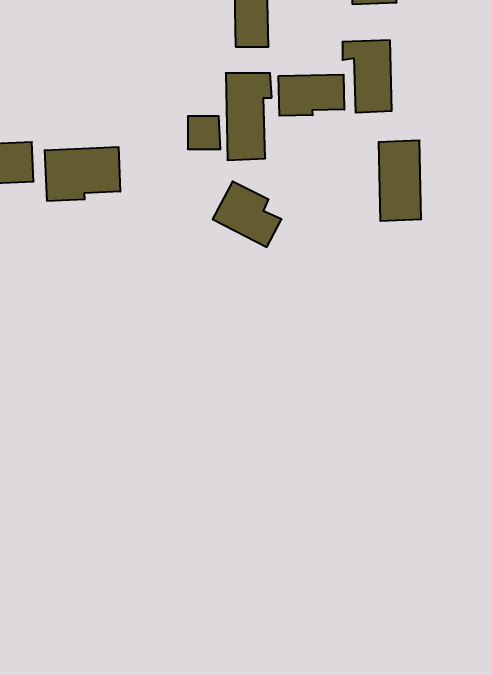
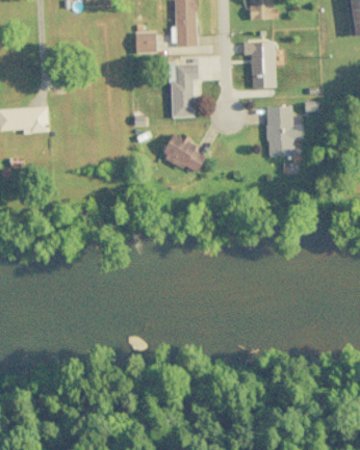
building: [279,75,344,116] -> none
building: [188,116,221,149] -> [135,31,156,52]
building: [45,147,120,201] -> none

